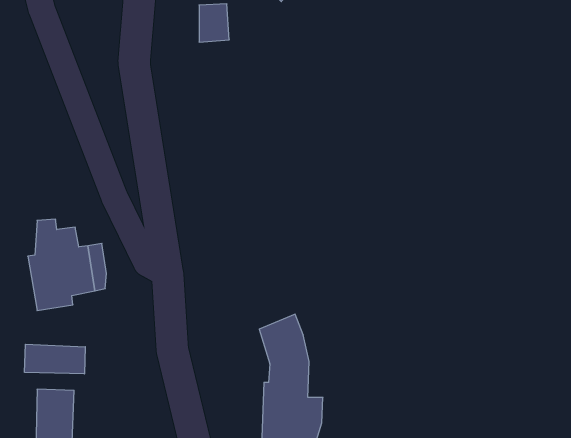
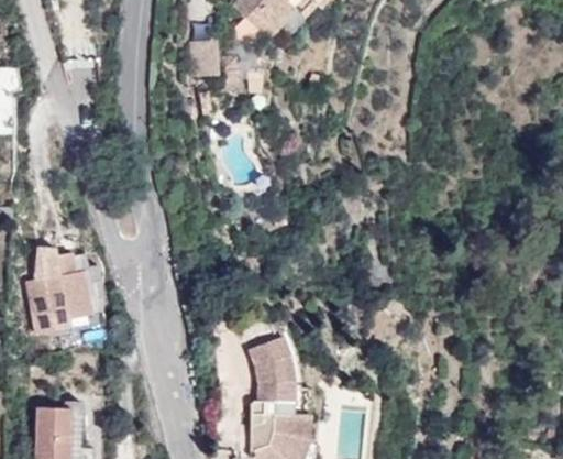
building: [25,344,85,374] -> none

